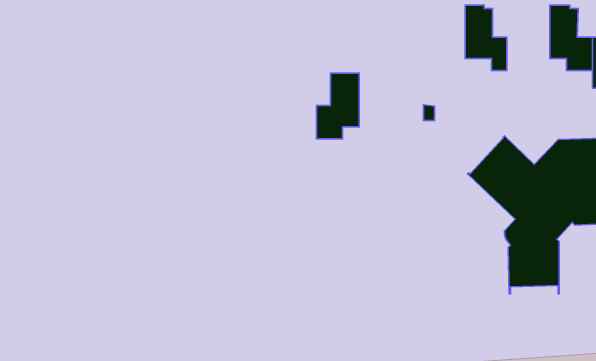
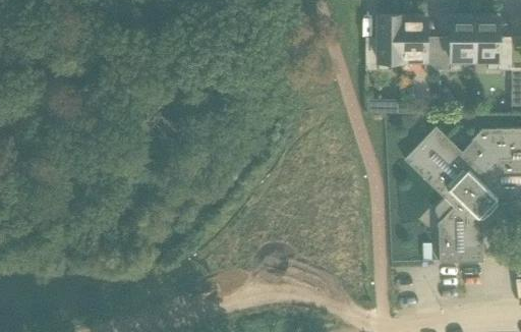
building: none -> [438,13,474,69]
building: [316,73,359,139] -> [365,13,402,69]

